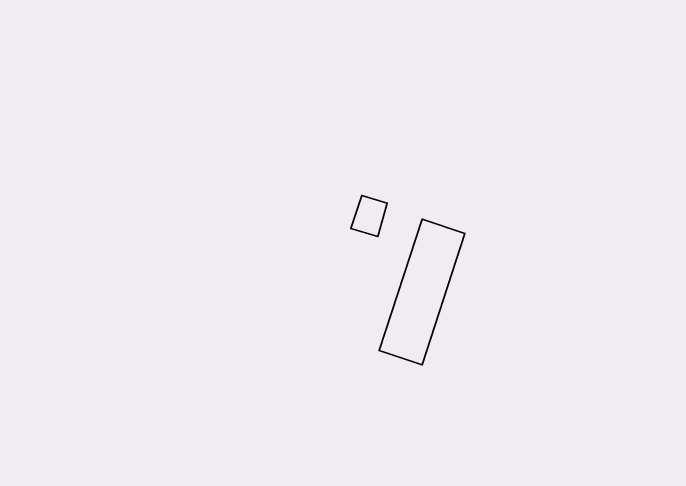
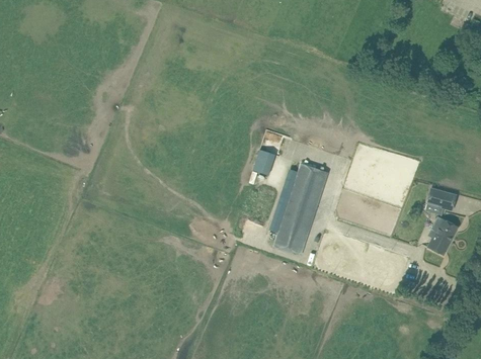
building: none -> [426,187,456,209]
building: none -> [426,217,457,254]

